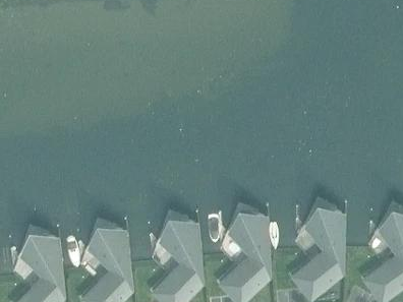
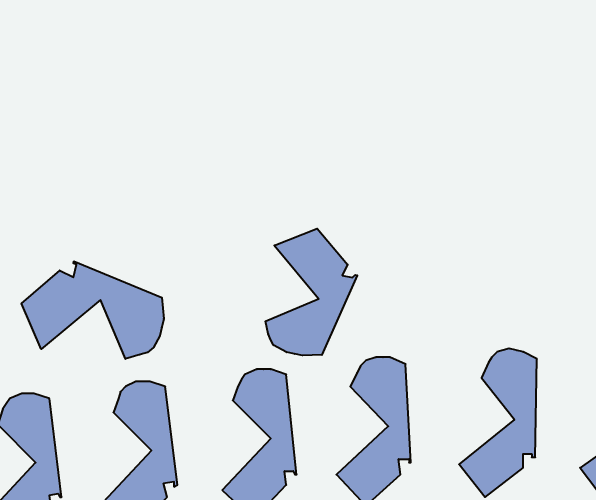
building: none -> [265,229,357,355]
building: none -> [21,261,164,359]

